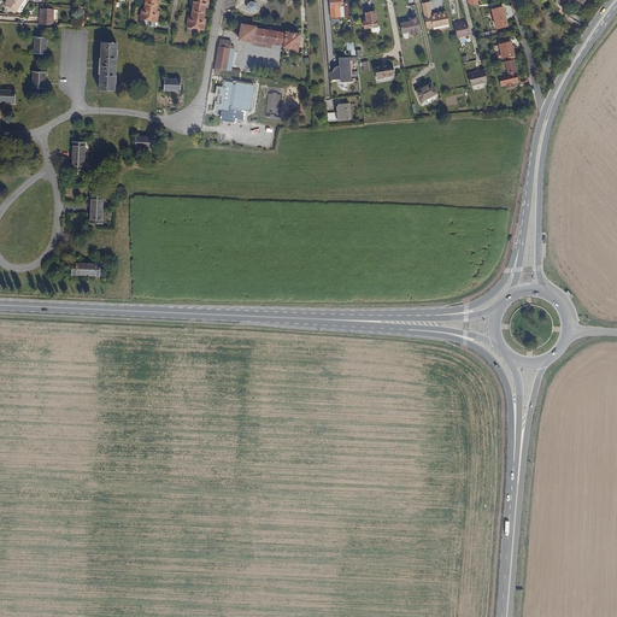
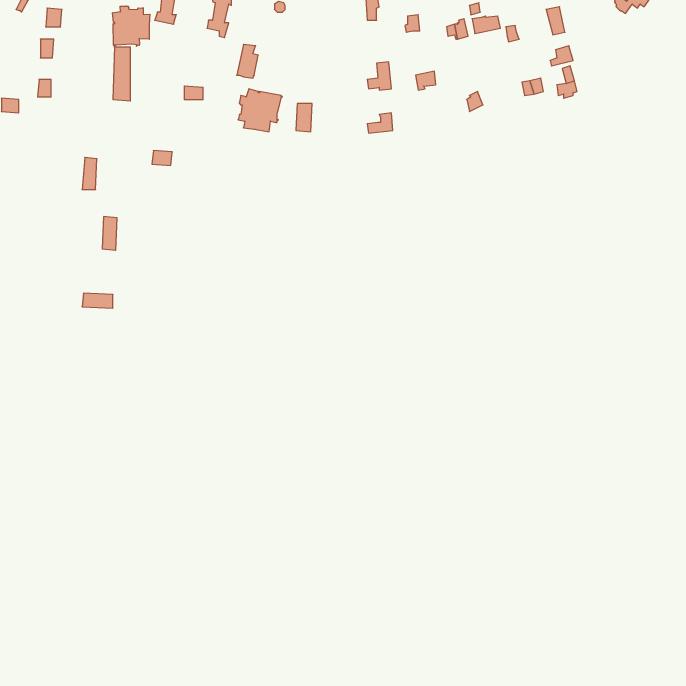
building: none -> [113,6,150,46]
building: [230,22,298,49] -> none

